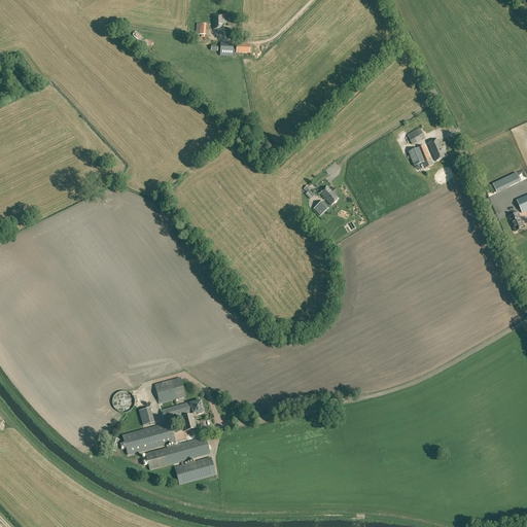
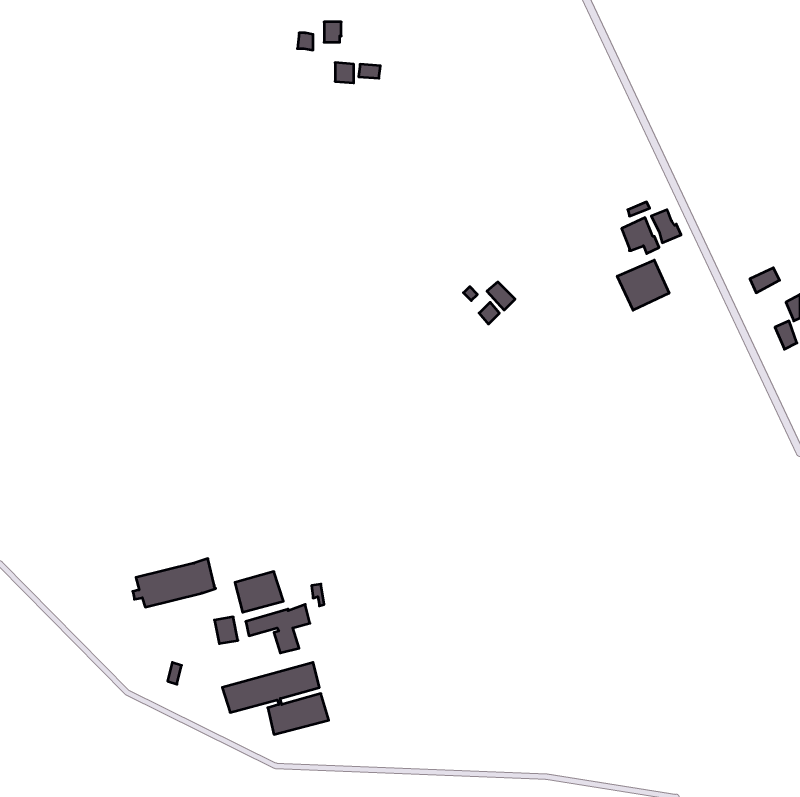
building: none -> [617,260,669,310]
building: [120,421,175,453] -> [133,559,216,607]

